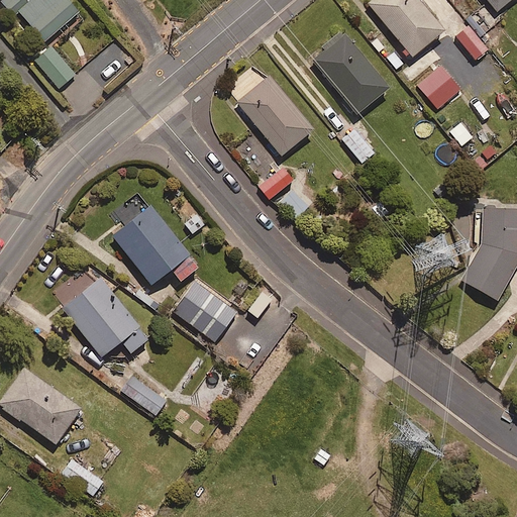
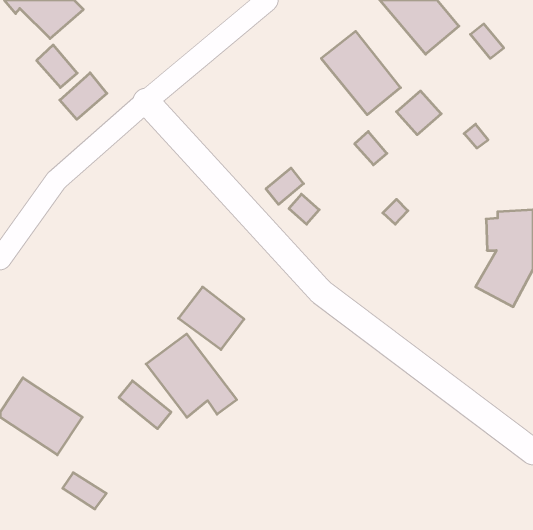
building: [417,68,460,110] -> [396,91,441,135]
building: none -> [60,73,107,119]
building: [237,76,313,154] -> none
building: [111,204,198,284] -> none
building: [61,275,148,355] -> [146,334,237,417]

